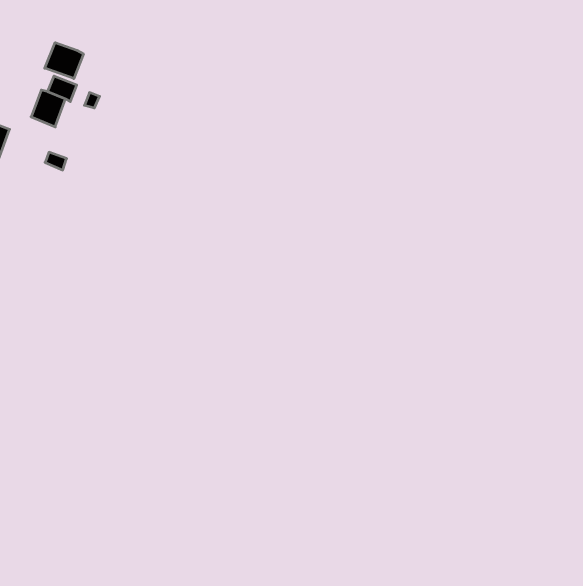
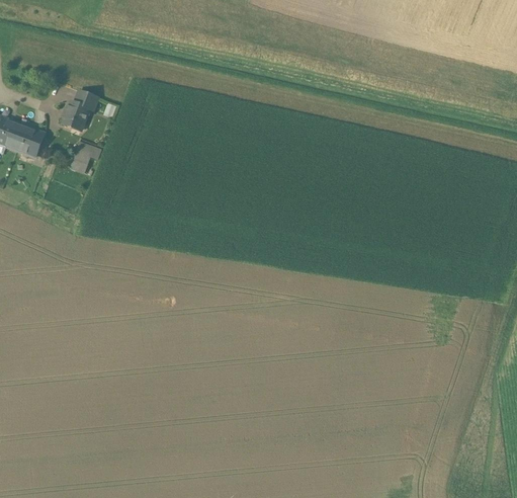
building: [45,43,83,79] -> none

